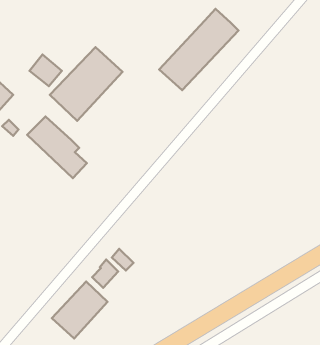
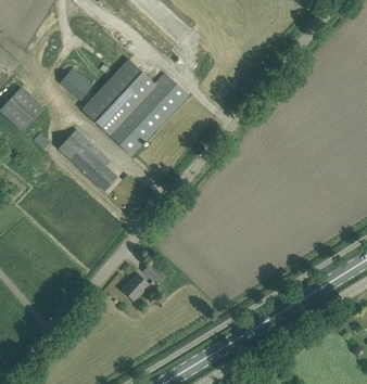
building: [159,9,238,90] -> [107,74,187,155]
building: [52,281,108,339] -> none

